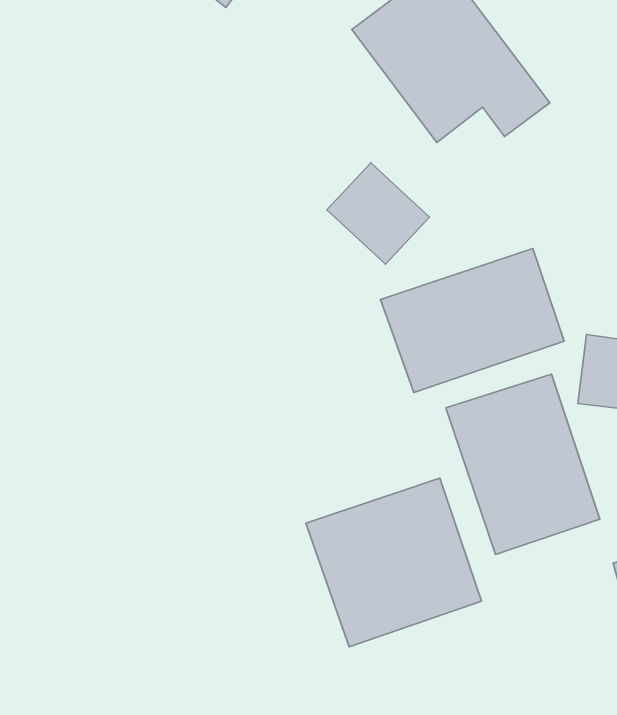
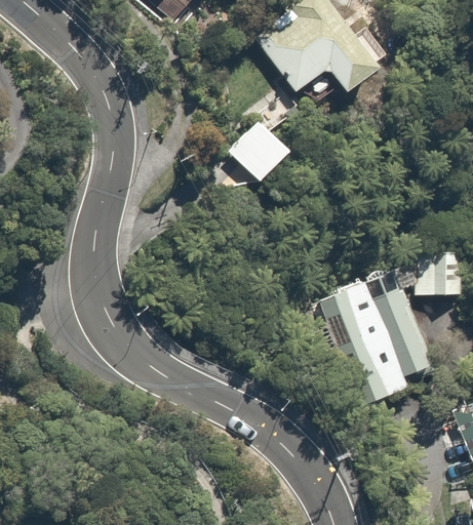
building: [380,248,564,392] -> none
building: [306,478,482,647] -> none

